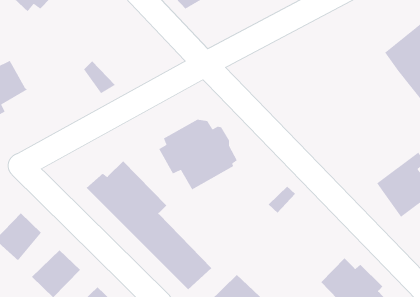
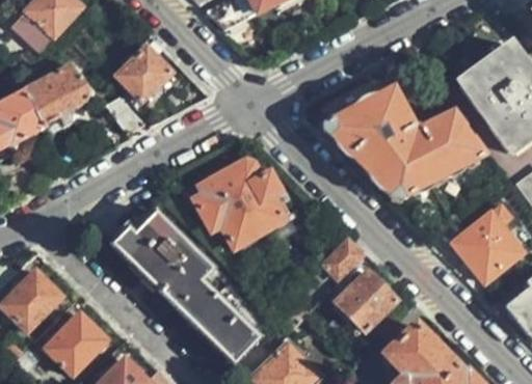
building: none -> [111,43,164,94]
building: none -> [21,65,88,127]
building: none -> [325,86,483,194]
building: none -> [337,270,396,330]

